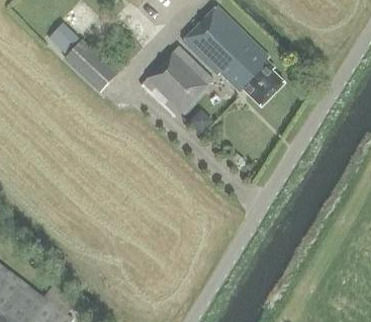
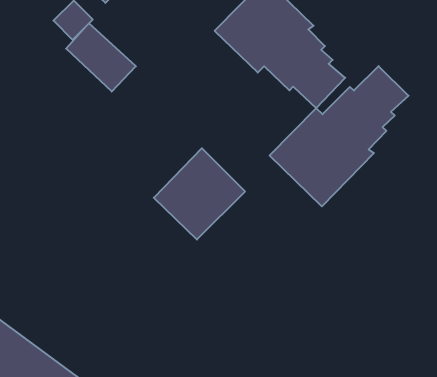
building: [140,46,212,118] -> [154,148,245,240]
building: none -> [270,66,409,206]

